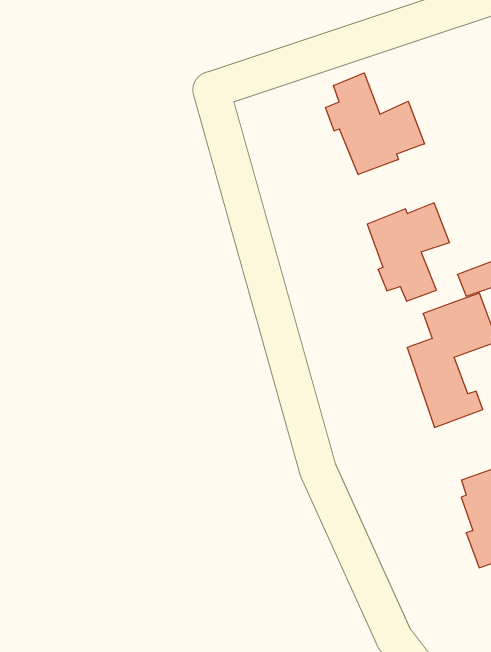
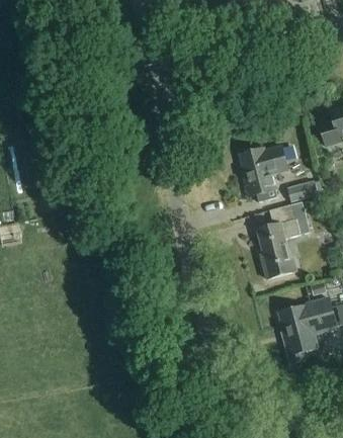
building: [326,73,425,175] -> none

